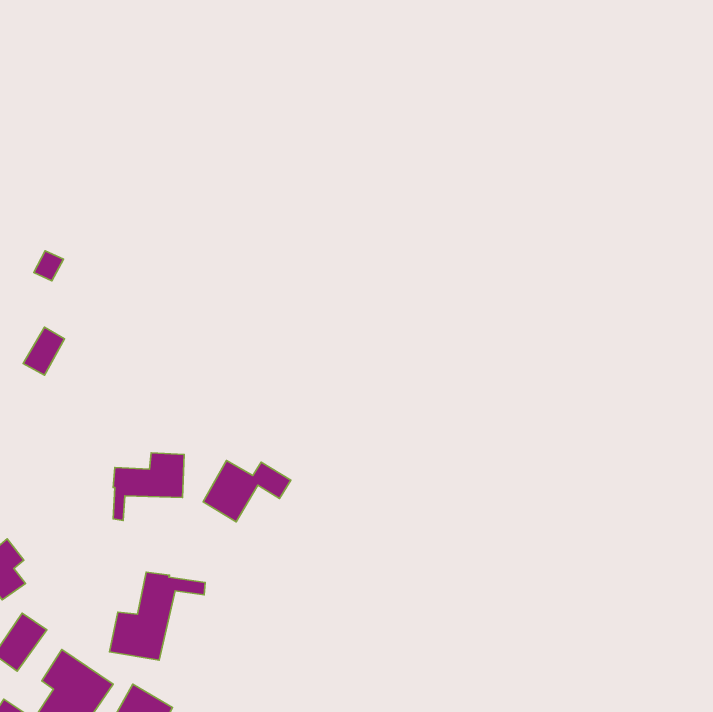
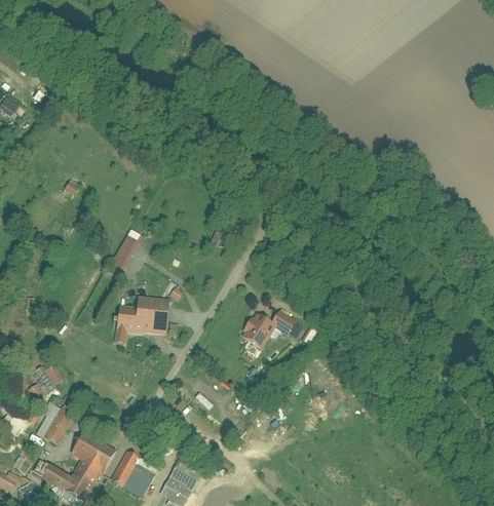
building: [23,327,64,375] -> [112,238,138,268]
building: [203,460,291,522] -> [238,315,293,353]
building: [110,572,205,660] -> none

